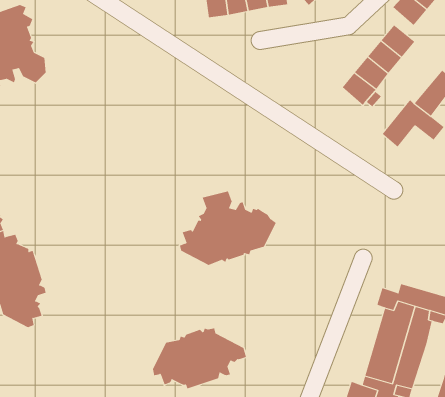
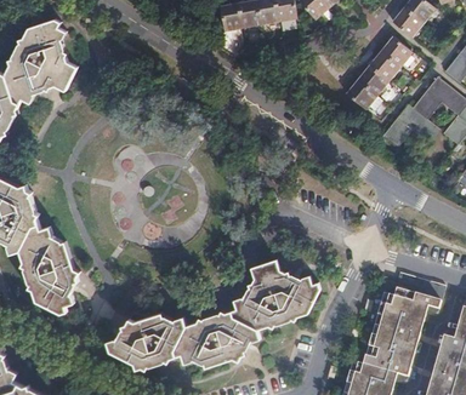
building: [179,191,277,266] -> [229,262,318,330]
building: none -> [106,313,184,368]

